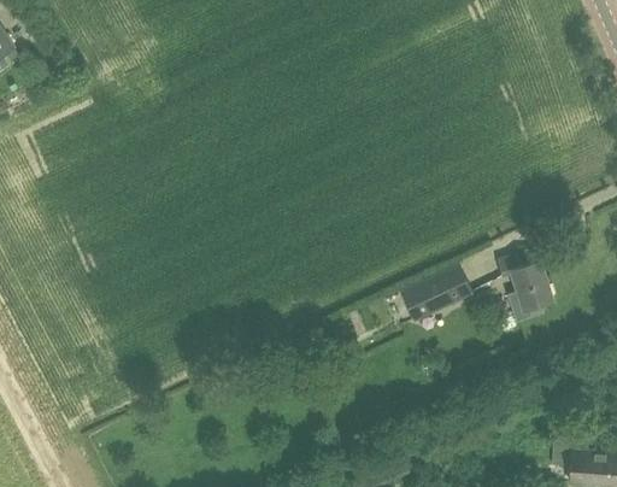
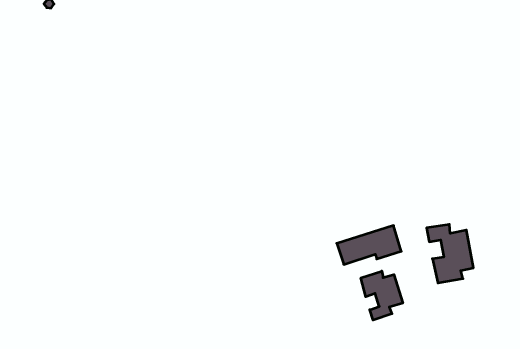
building: none -> [361,271,403,320]

